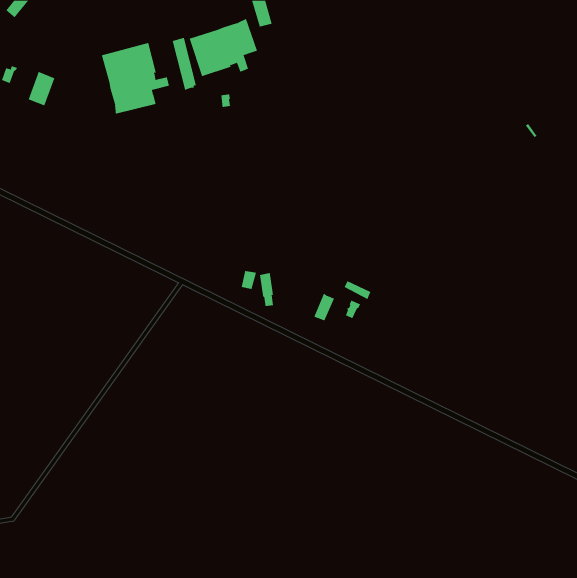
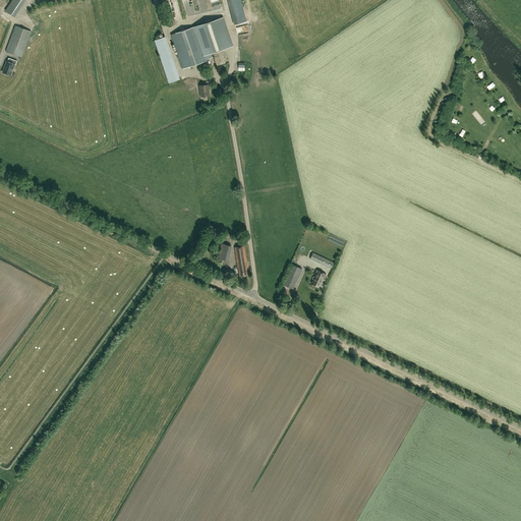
building: [101,42,169,115] -> none
building: [28,71,55,106] -> [5,25,30,57]

